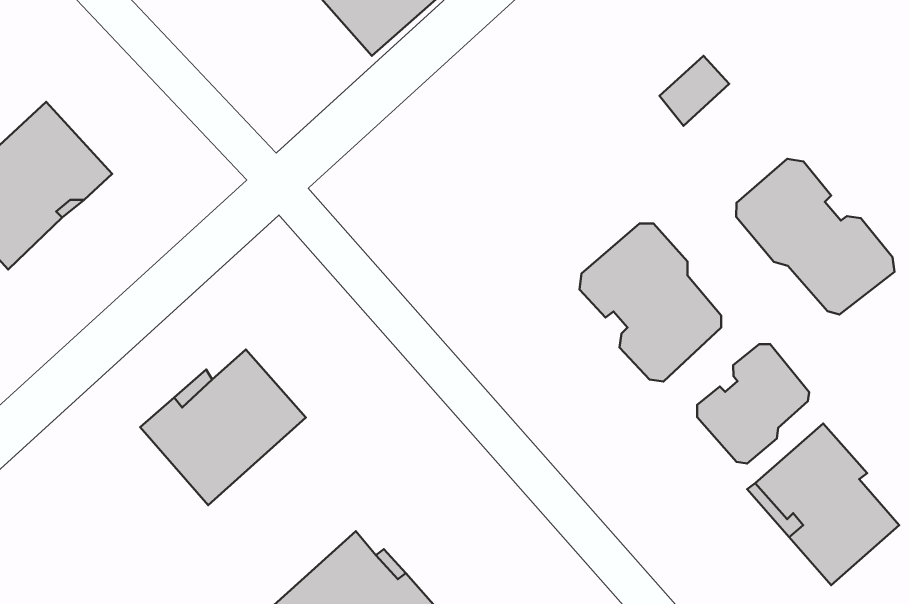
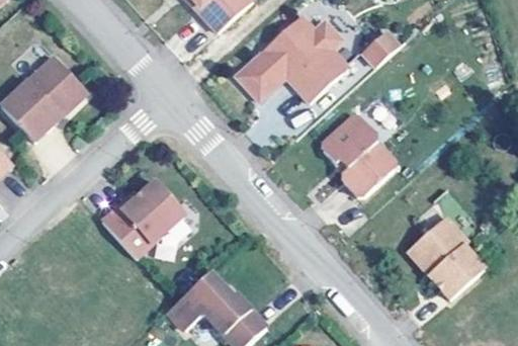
building: none -> [235,14,348,102]
building: [736,159,894,315] -> none
building: [697,344,809,464] -> none

